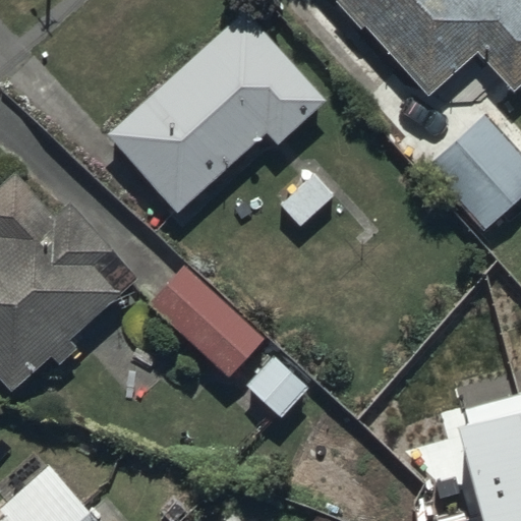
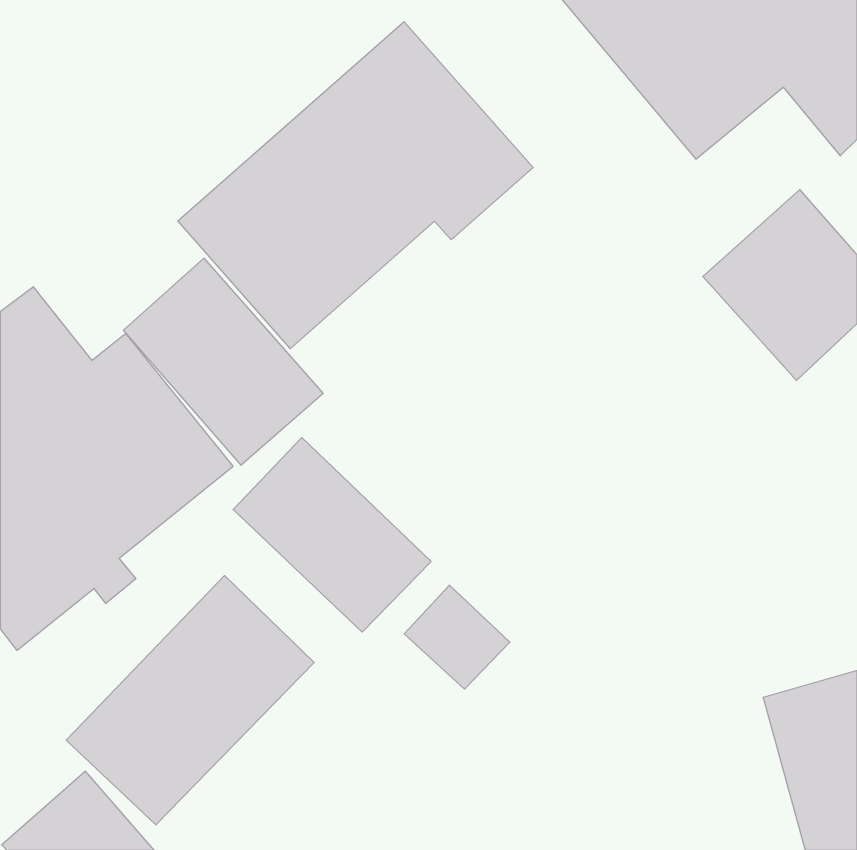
building: none -> [124,258,323,465]
building: none -> [66,576,314,825]

